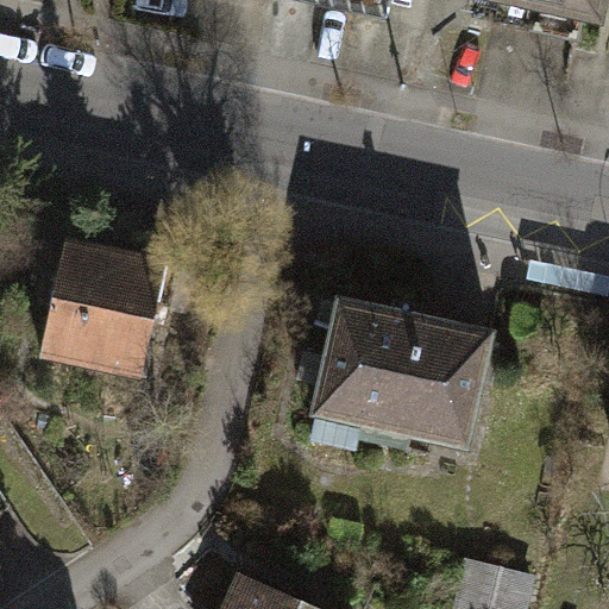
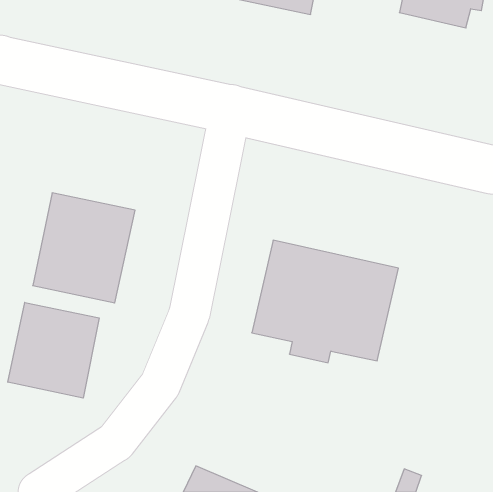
building: none -> [8,302,99,398]

